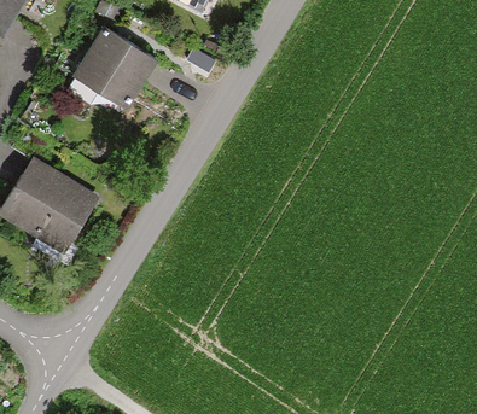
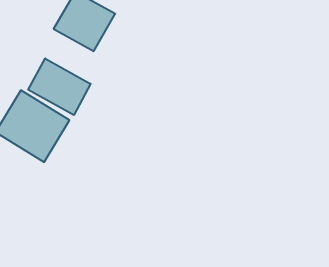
building: none -> [28,58,91,115]

